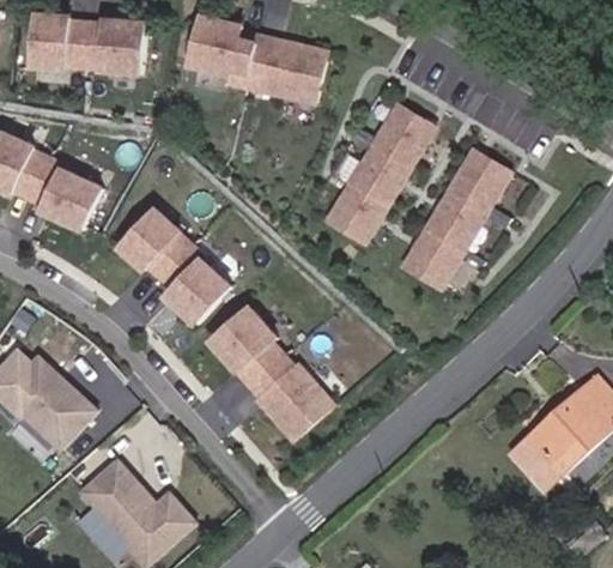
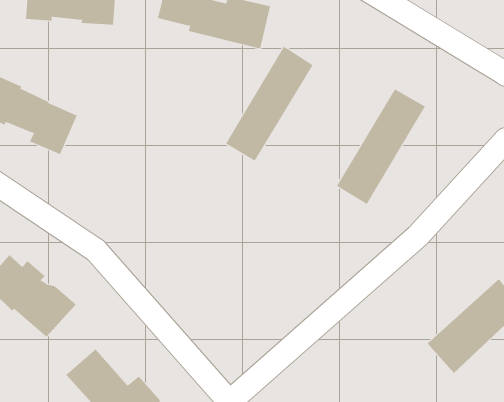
building: [328,103,433,241] -> [225,46,314,161]
building: [119,209,227,322] -> none
building: [210,307,332,440] -> none

